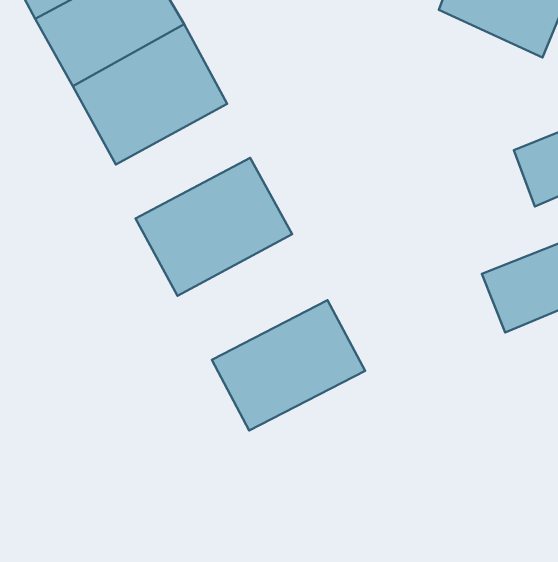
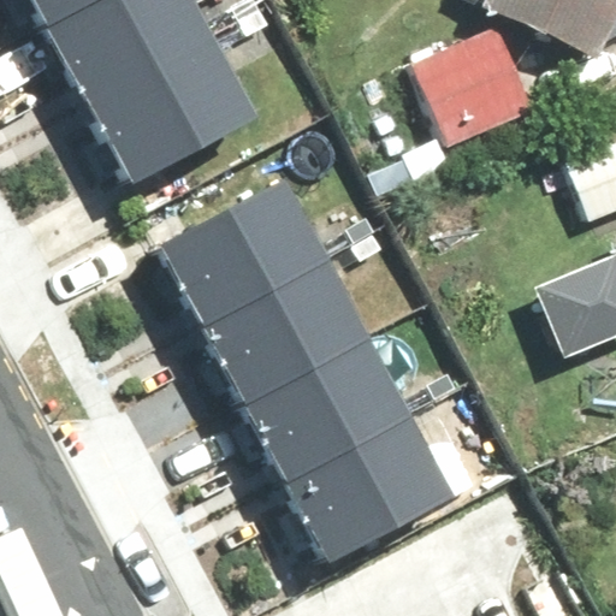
building: none -> [414,28,533,150]
building: none -> [200,255,363,392]
building: none -> [278,404,454,563]

